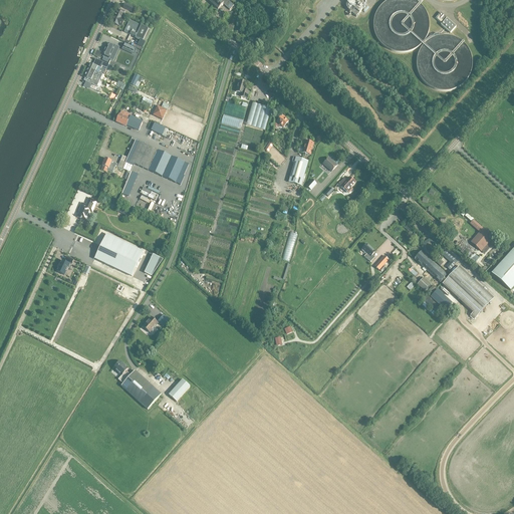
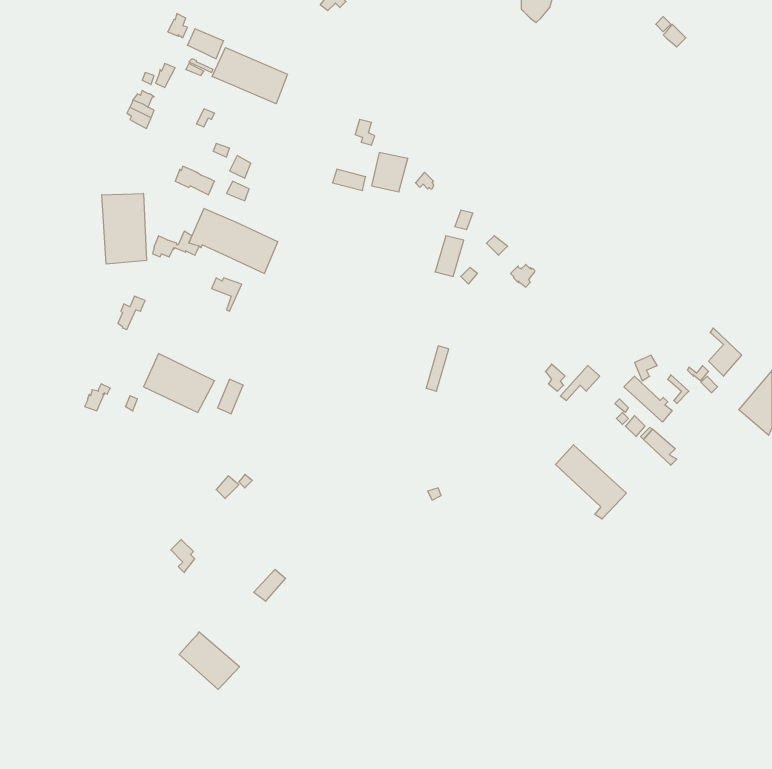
building: none -> [212,48,287,104]
building: none -> [102,193,146,264]
building: [444,268,491,317] -> [555,445,626,519]
building: [121,369,162,408] -> [179,632,239,689]

